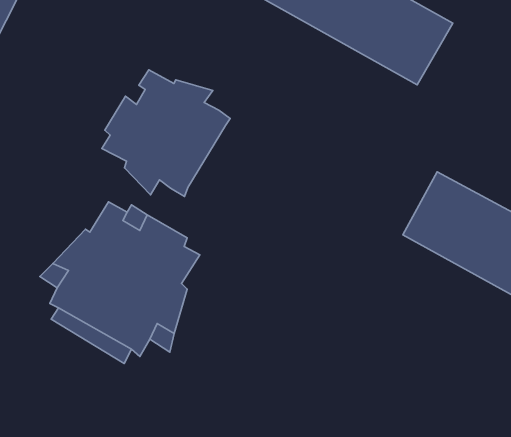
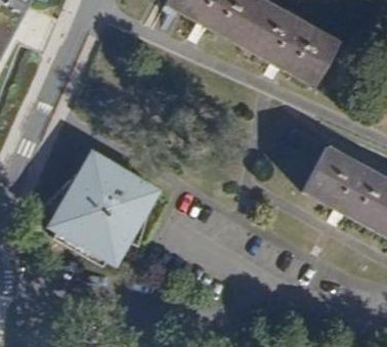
building: [102,70,230,196] -> none

